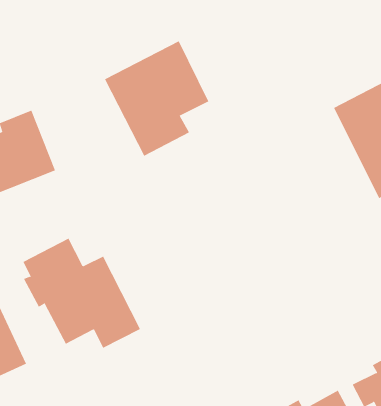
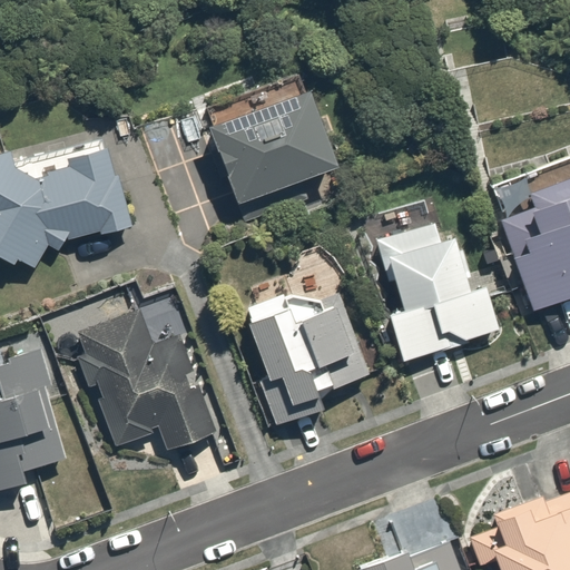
building: none -> [368,215,499,367]
building: none -> [247,285,372,431]

